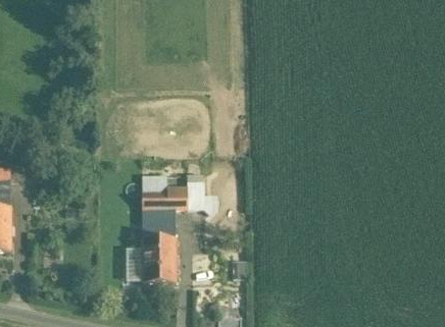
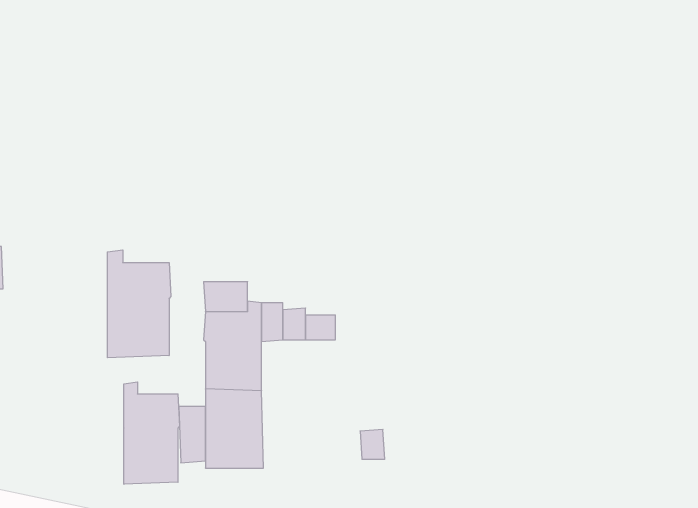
building: none -> [107,250,171,358]
building: none -> [124,382,180,484]

